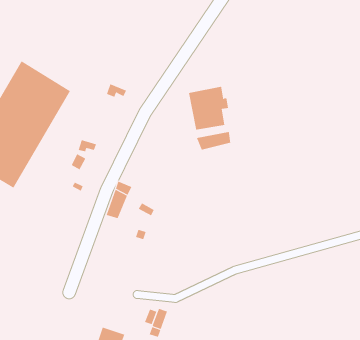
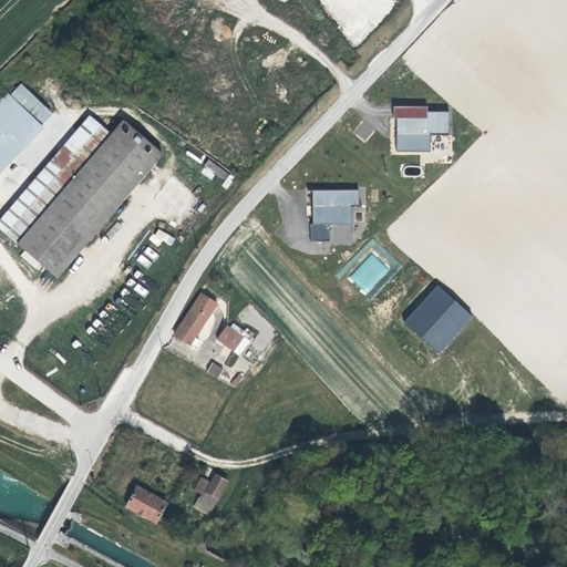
building: none -> [396,106,451,151]
building: [196,131,231,150] -> none
building: none -> [405,285,474,353]

